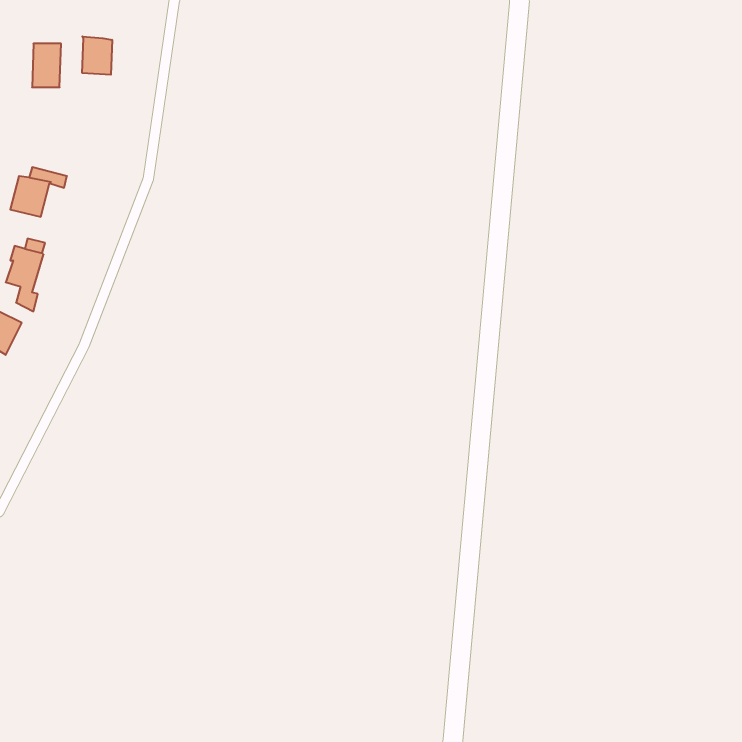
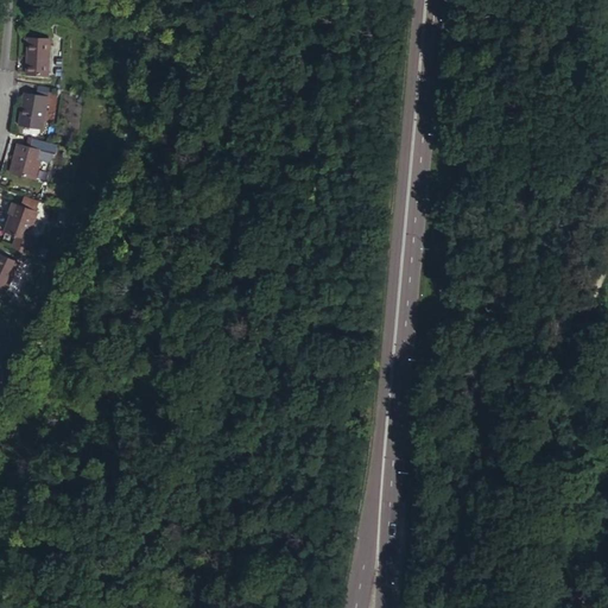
building: [82,36,112,75] -> none
building: none -> [19,91,49,128]

